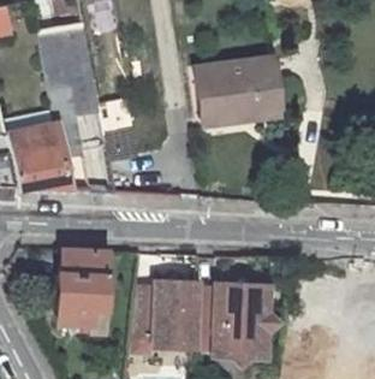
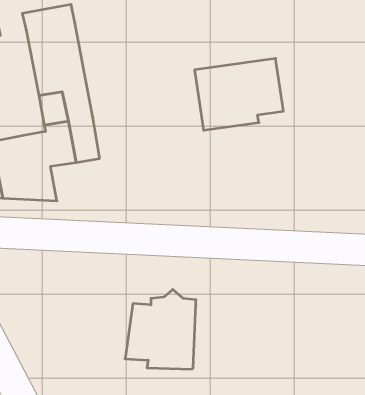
building: [54,249,107,332] -> none
building: [194,278,275,359] -> none

